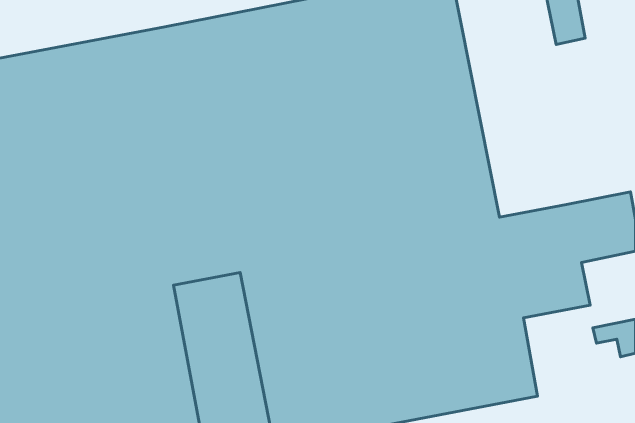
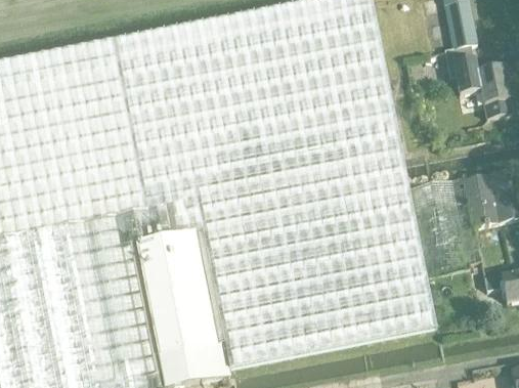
building: none -> [449,56,511,117]

